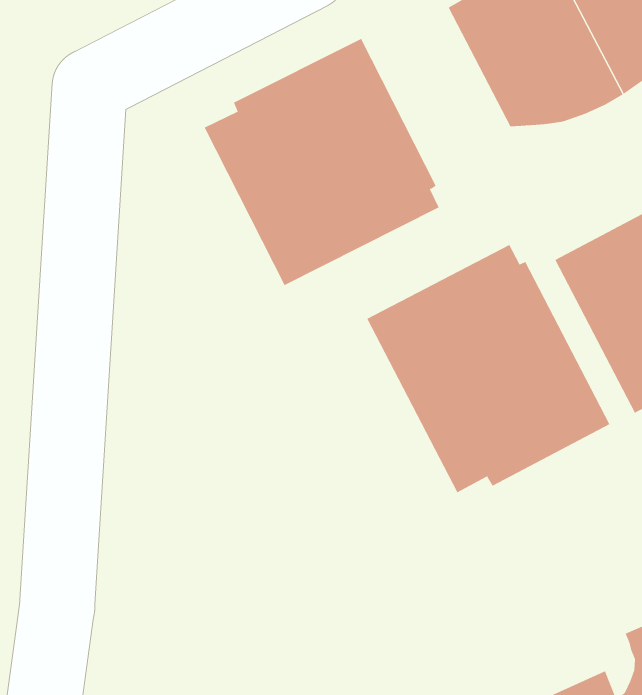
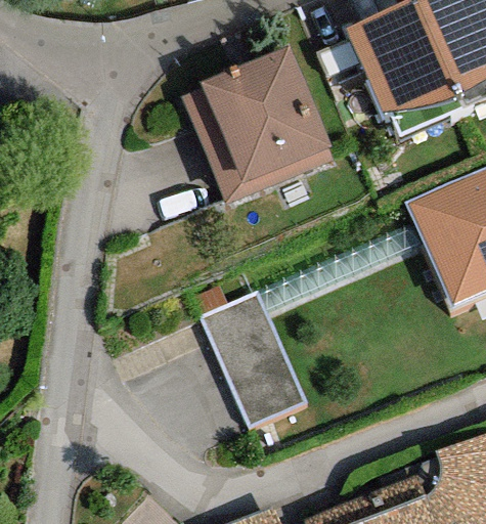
building: [366,244,610,493] -> none
building: none -> [202,295,306,430]

